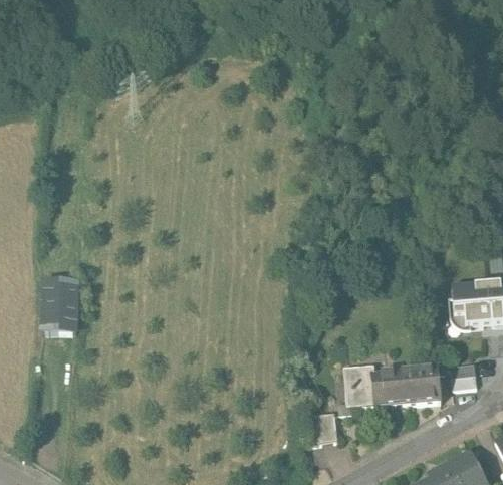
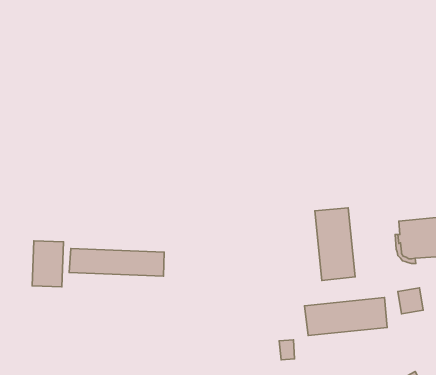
building: none -> [315,208,355,280]
building: none -> [69,248,164,276]

